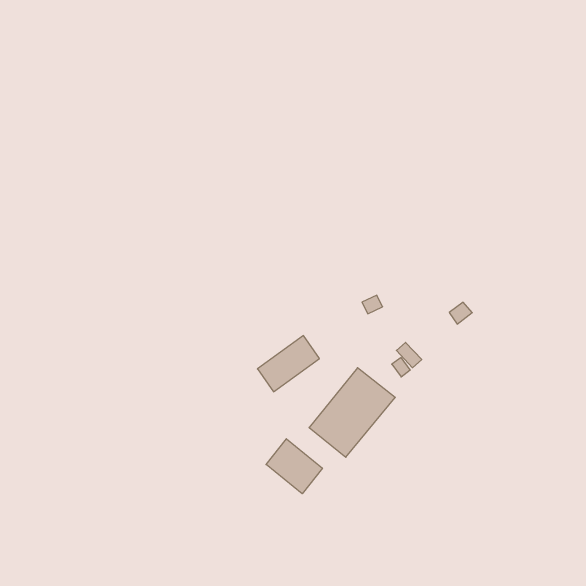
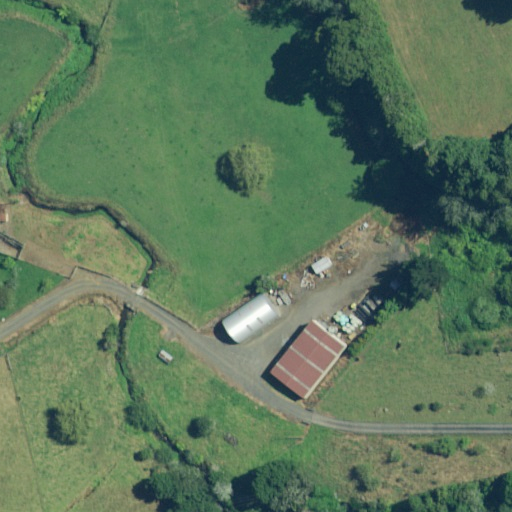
building: [266,439,322,494] -> none

